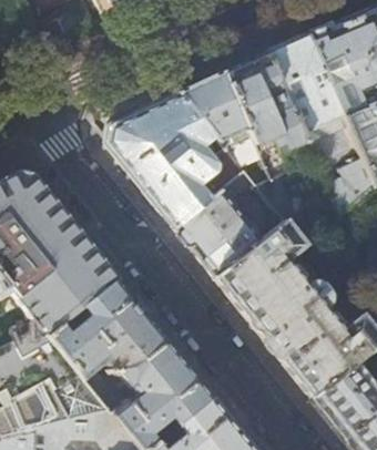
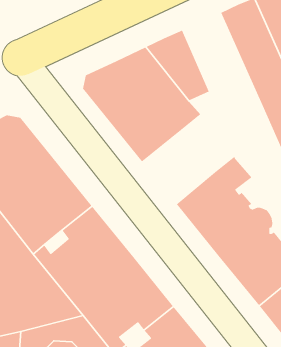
building: [224,52,317,224] -> none
building: [176,191,262,277] -> none

